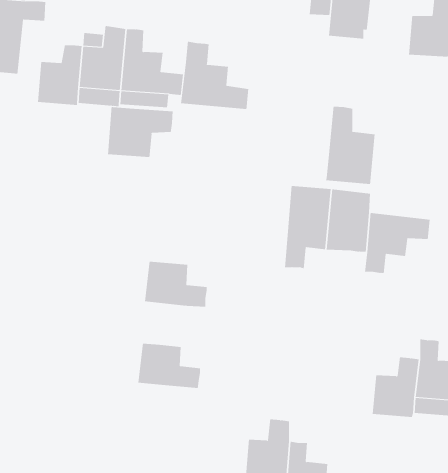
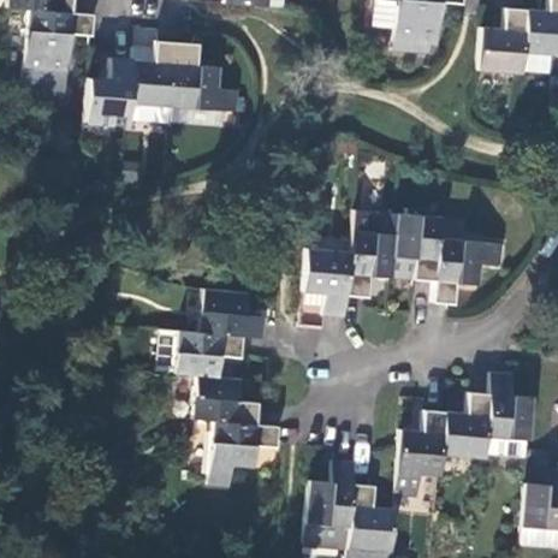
building: [181,41,249,110] -> none
building: [326,106,375,185] -> none
building: [108,106,173,158] -> none
building: none -> [307,250,351,317]
building: none -> [173,332,243,379]
building: none -> [396,410,445,494]
building: none -> [208,422,279,488]

